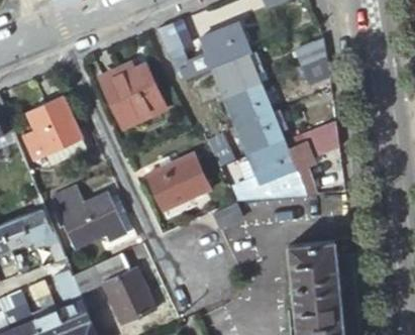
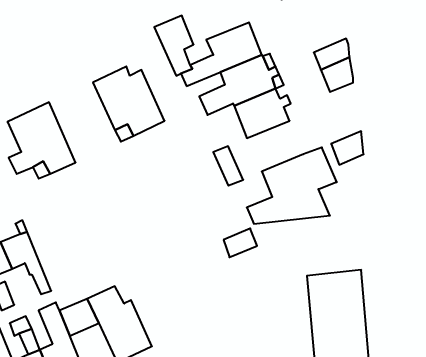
building: [235,109,288,155] -> none
building: [146,154,208,210] -> none
building: [48,185,122,248] -> none

